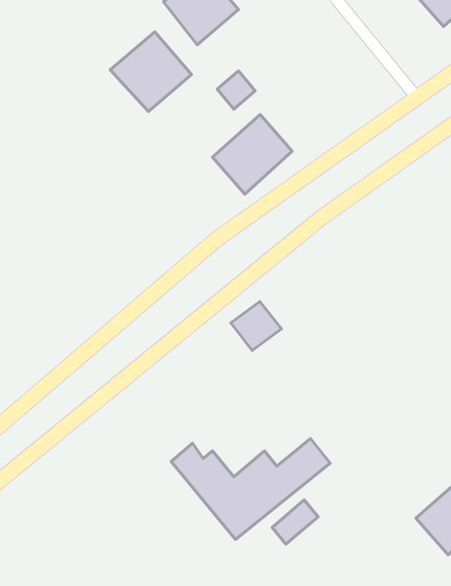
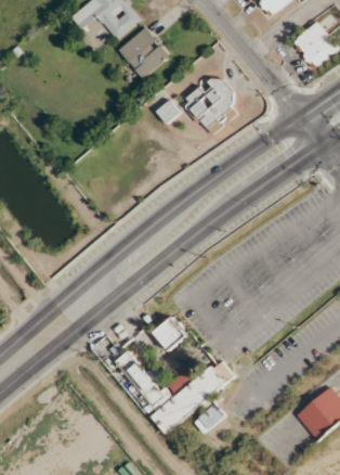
building: [110,32,191,111] -> none
building: [213,114,292,194] -> [183,73,239,129]
building: [231,301,281,350] -> [153,316,188,350]

